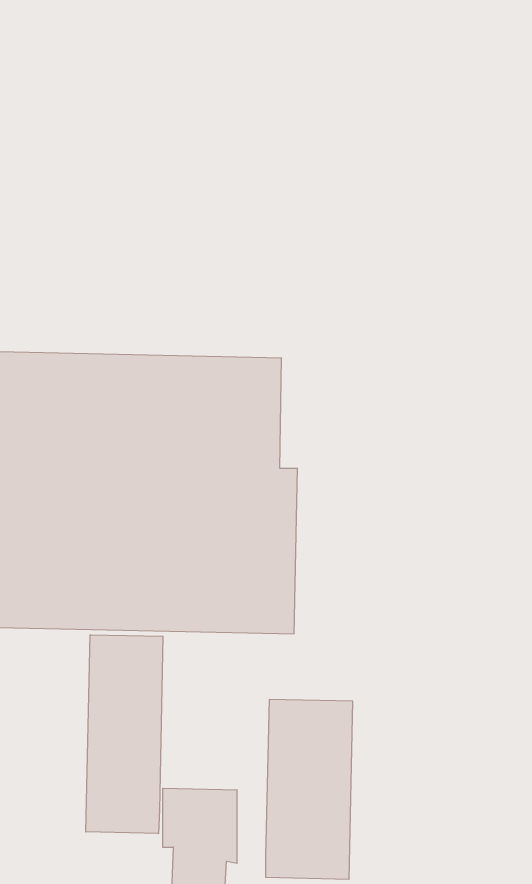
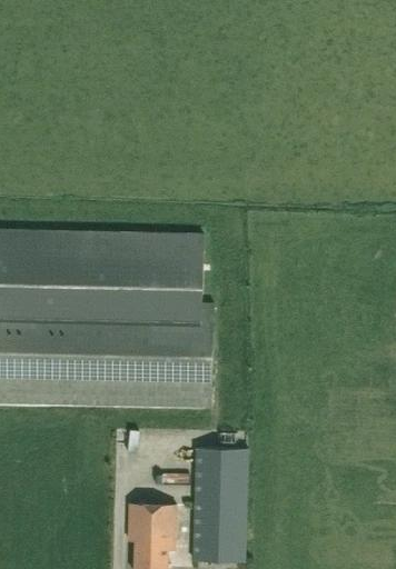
building: [86,635,163,834] -> none

